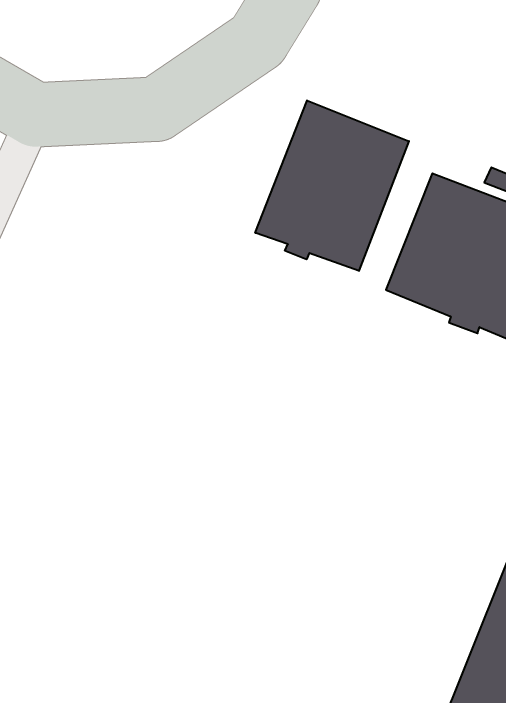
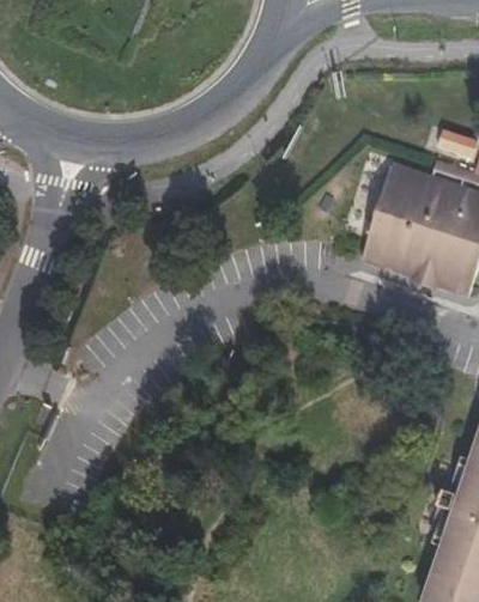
building: [255,100,409,271] -> none

